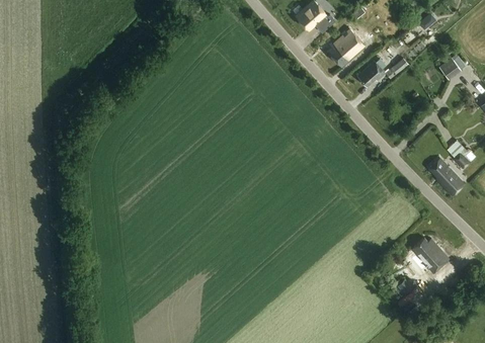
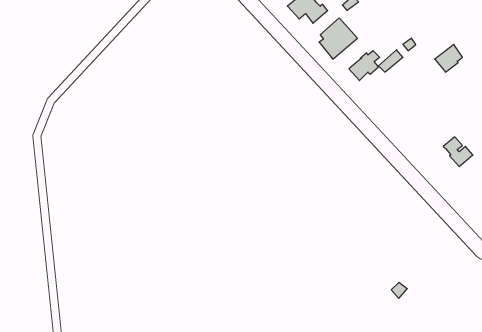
building: [429,157,465,194] -> none
building: [410,237,450,273] -> none

